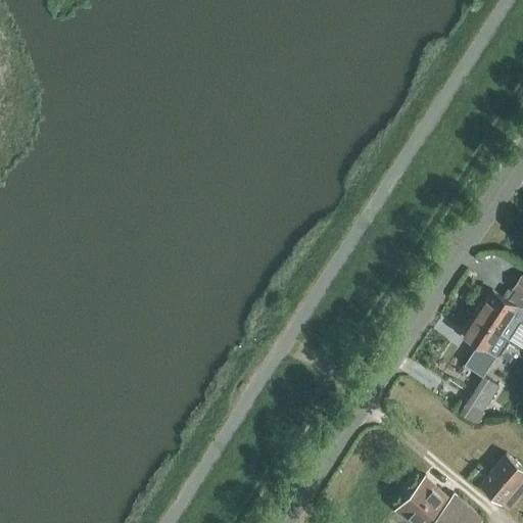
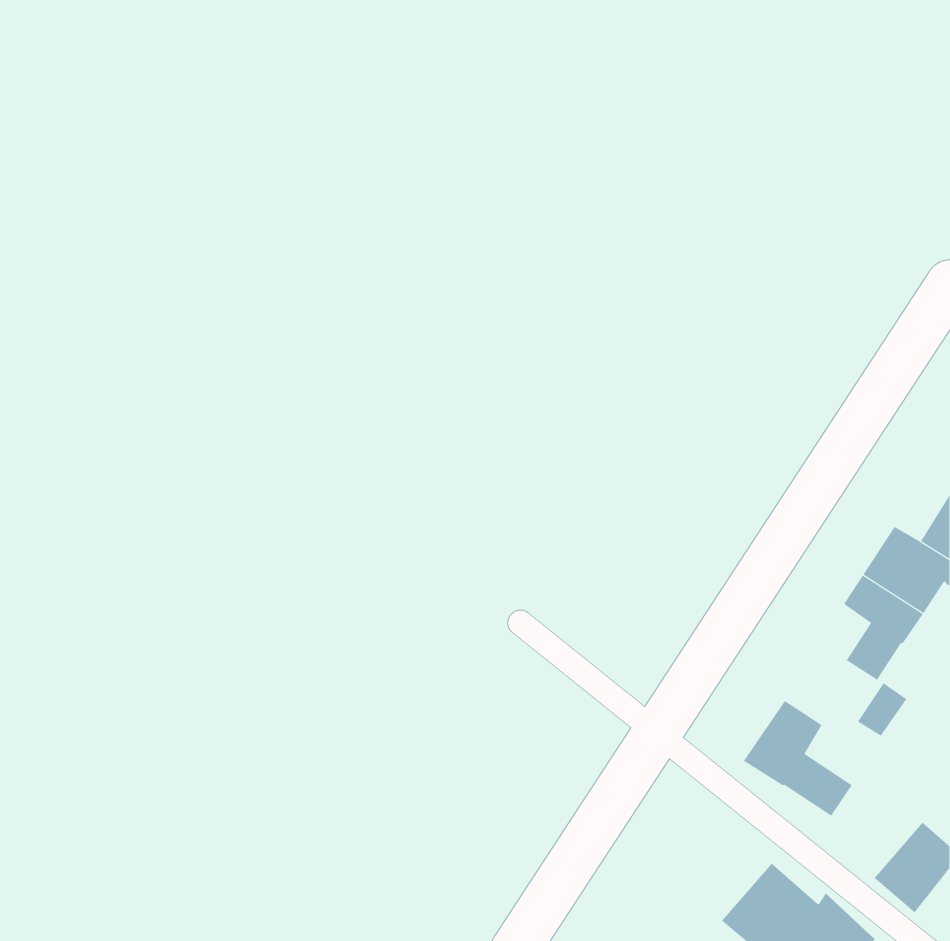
building: none -> [743,700,852,817]

